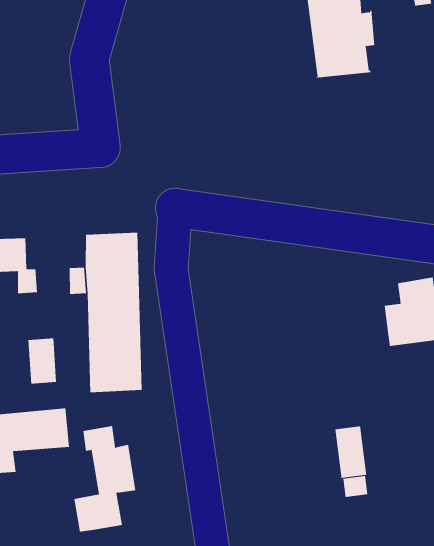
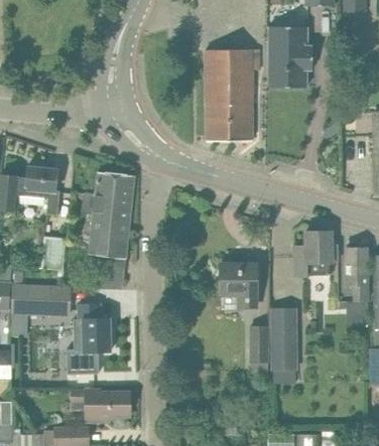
building: none -> [205,49,259,141]
building: none -> [220,264,256,306]
building: none -> [269,307,295,368]

